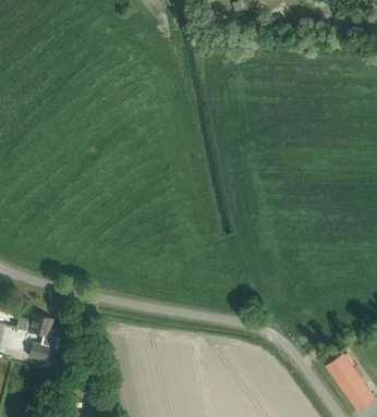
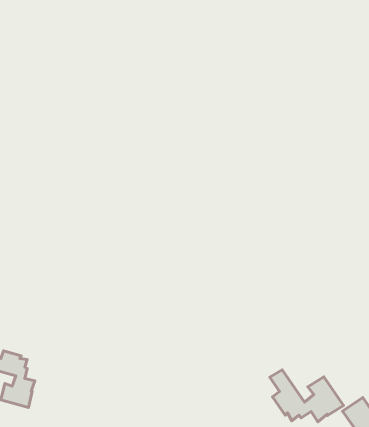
building: none -> [270,370,343,422]

